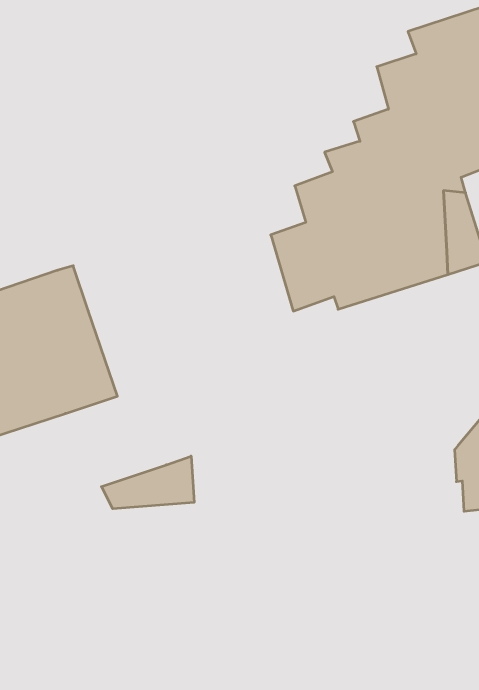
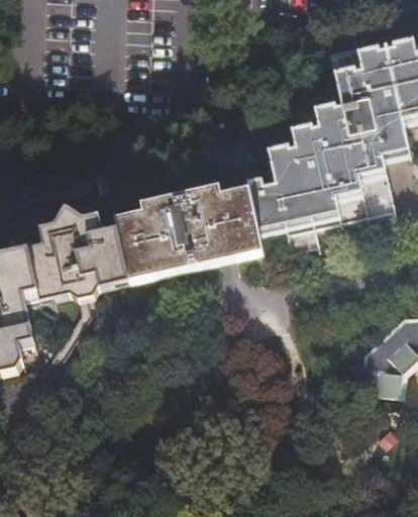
building: none -> [116,183,263,284]
building: [101,456,194,509] -> none

